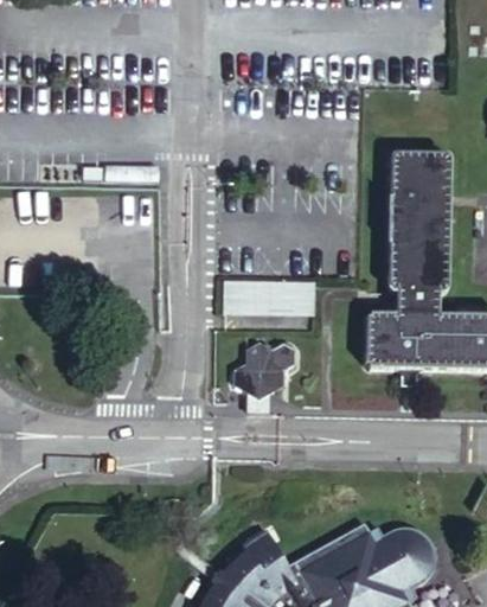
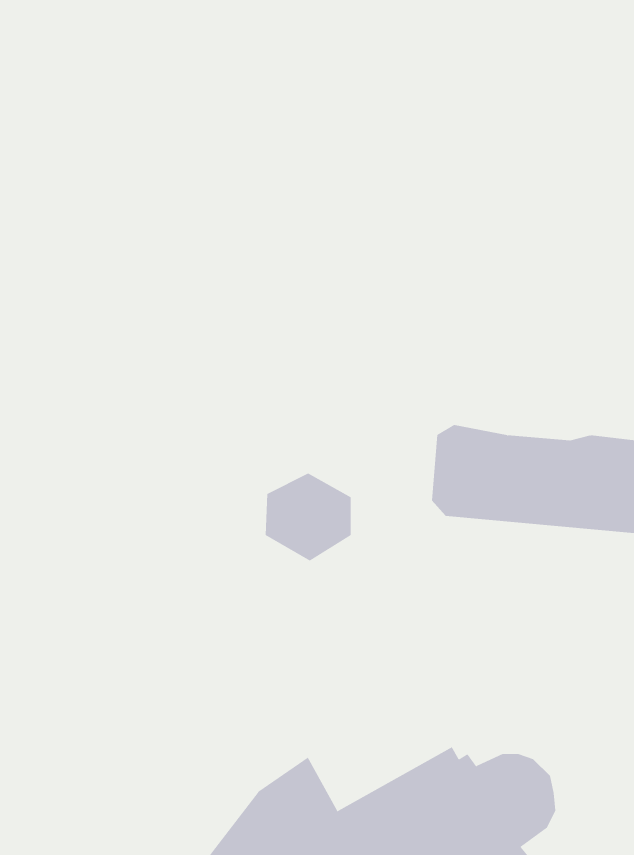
building: [391,149,455,317] -> none
building: [219,279,307,317] -> none

